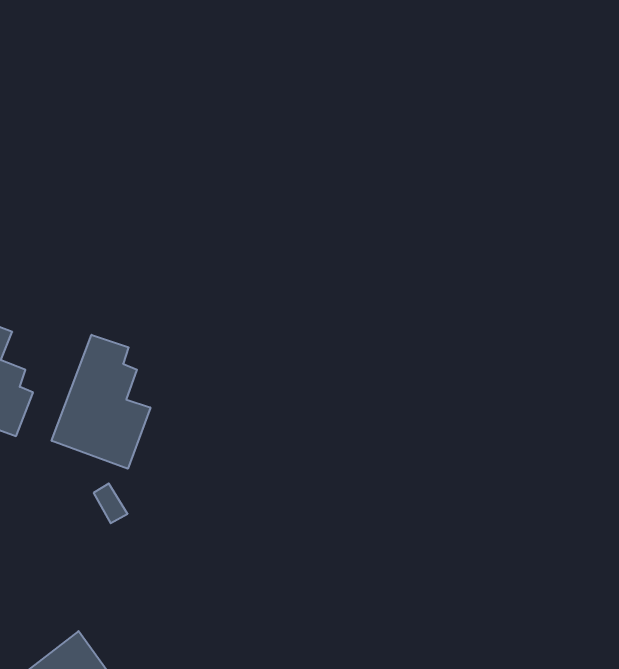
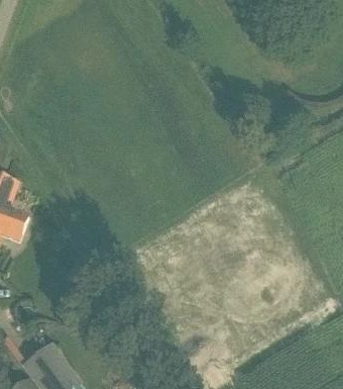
building: [52,335,150,469] -> none

